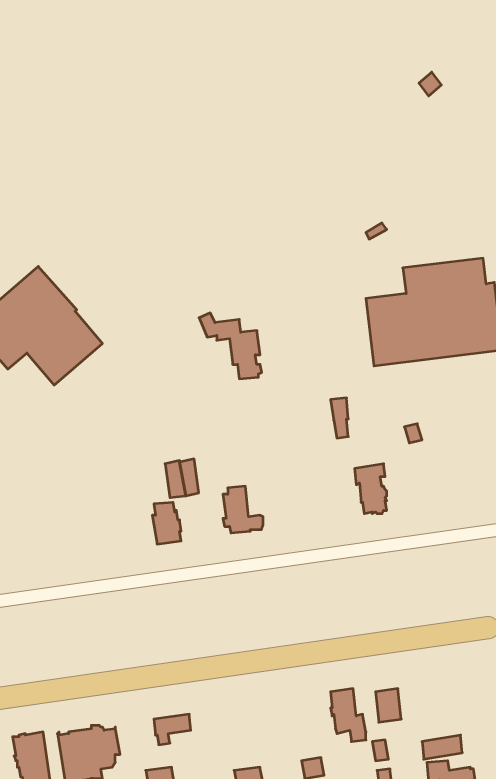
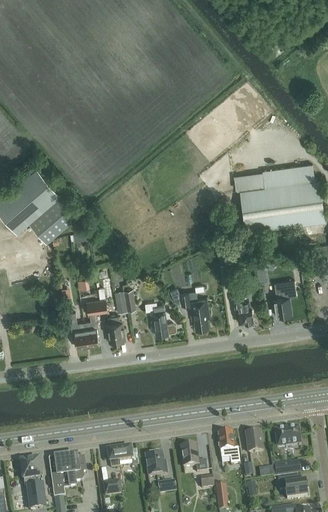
building: [199,313,262,379] -> [171,287,210,328]
building: none -> [274,279,297,315]
building: none -> [70,298,108,346]
building: none -> [275,426,301,446]
building: none -> [181,445,207,471]
building: none -> [145,452,167,476]

